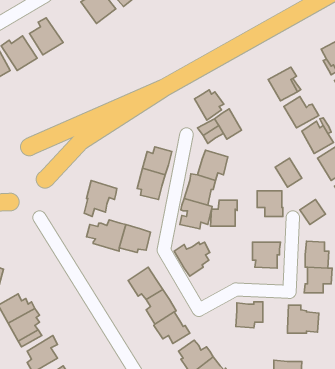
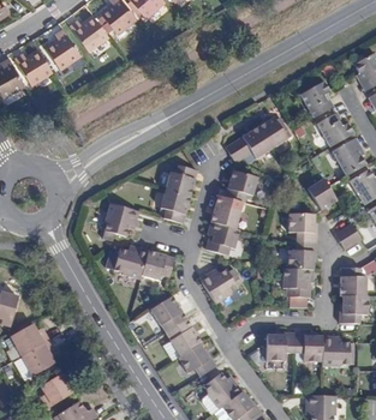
building: none -> [68,16,108,52]
building: [195,90,224,120] -> [257,116,288,149]
building: [210,200,237,226] -> [286,241,315,269]
building: none -> [293,332,321,361]

